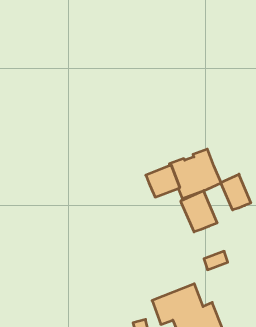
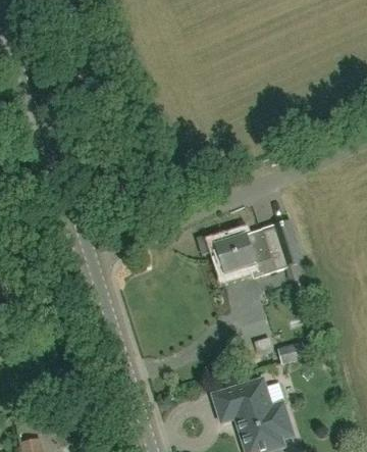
building: [221,174,251,210] -> none
building: [181,190,217,232] -> none

